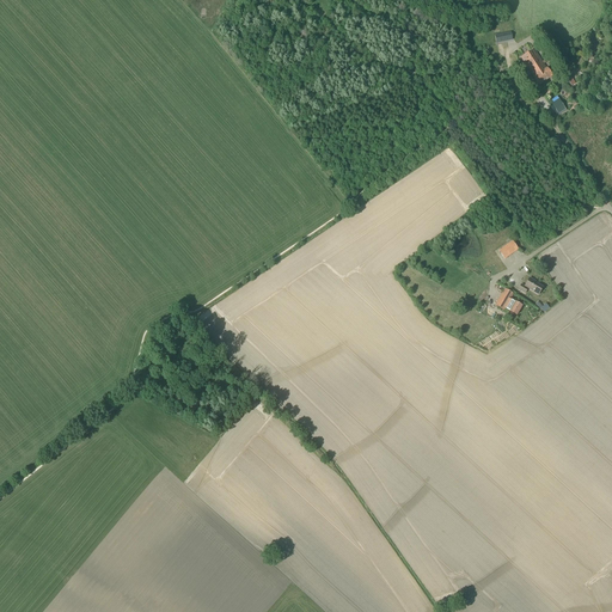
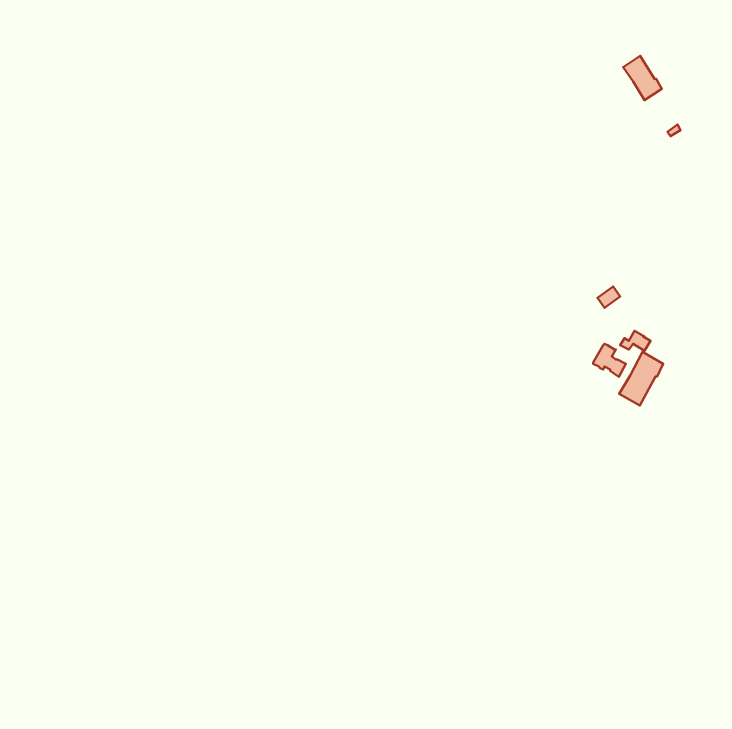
building: none -> [619,352,663,406]

